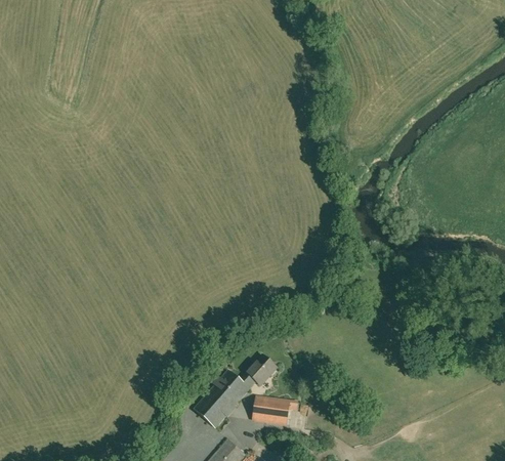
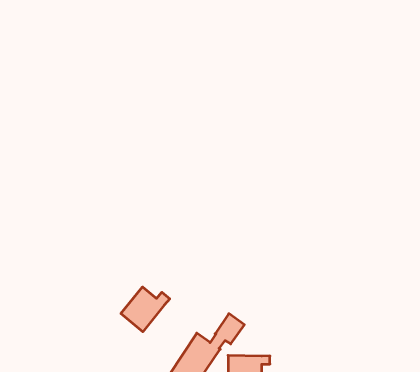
building: none -> [121,287,170,332]

